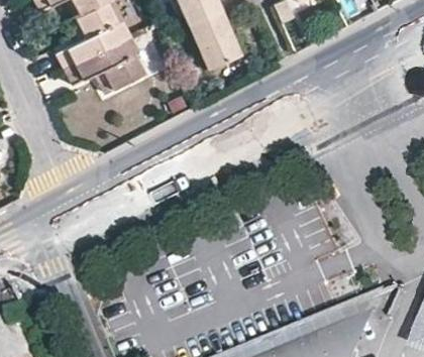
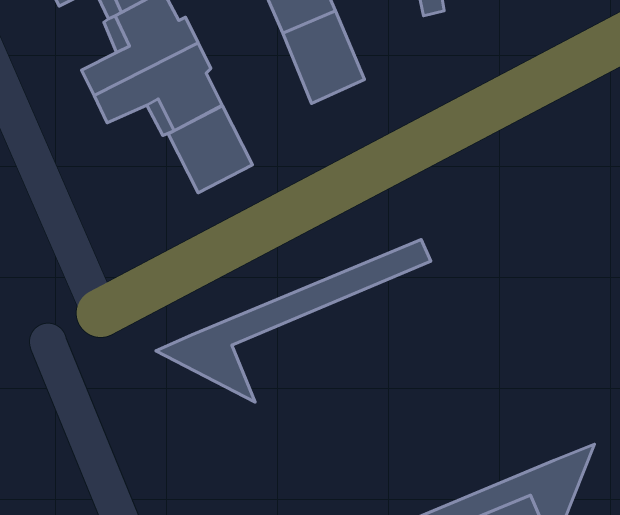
building: none -> [168,106,253,193]
building: none -> [156,239,431,402]

